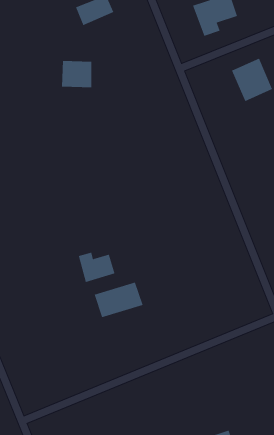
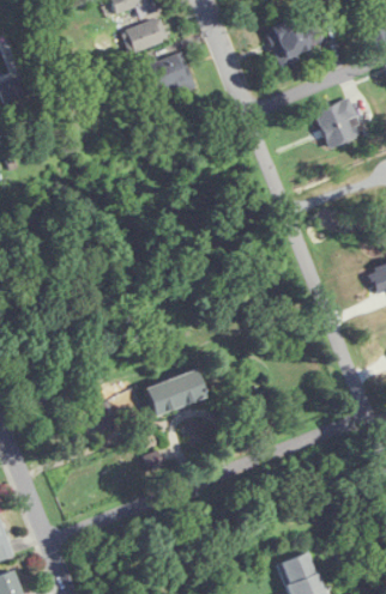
building: [61,61,92,88] -> [150,57,188,91]
building: [78,252,115,283] -> none

